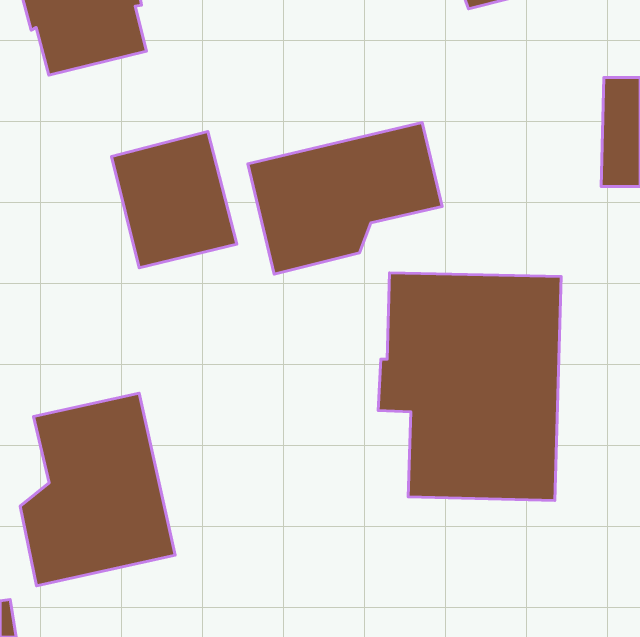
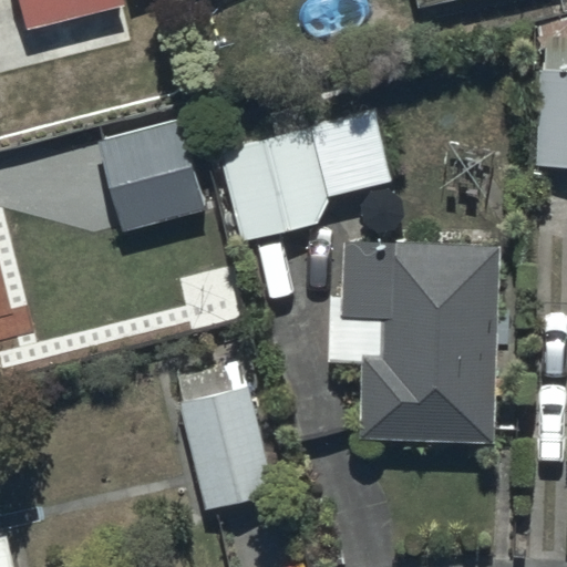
building: [20,393,175,586] -> none
building: none -> [181,357,274,507]

